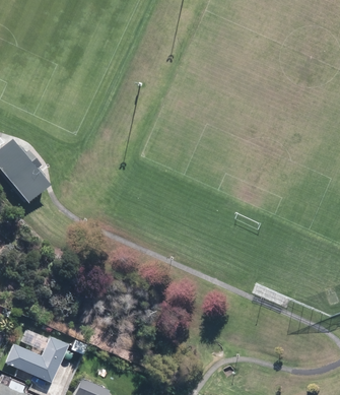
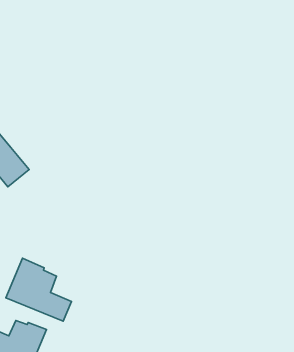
building: none -> [6,258,71,321]

